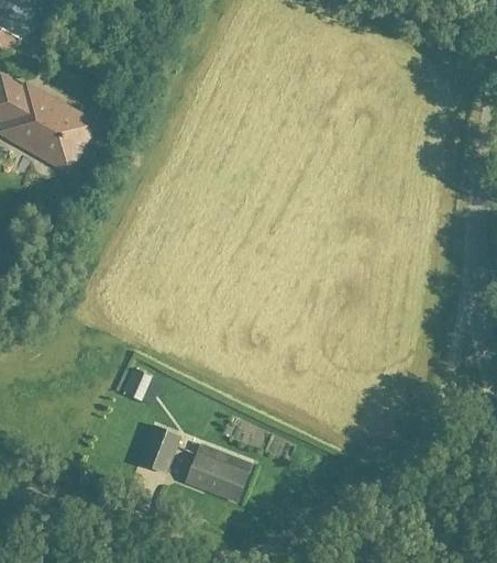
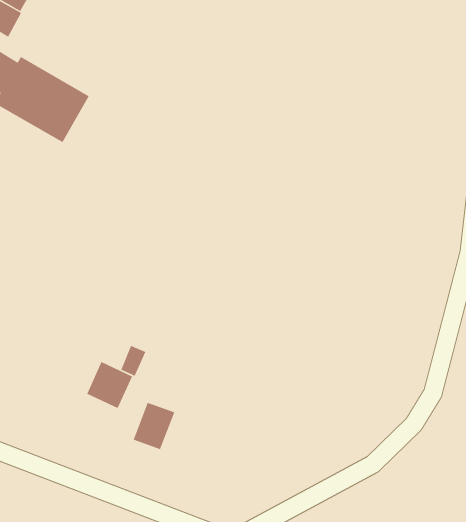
building: none -> [86,361,133,409]
building: [181,443,246,500] -> none

